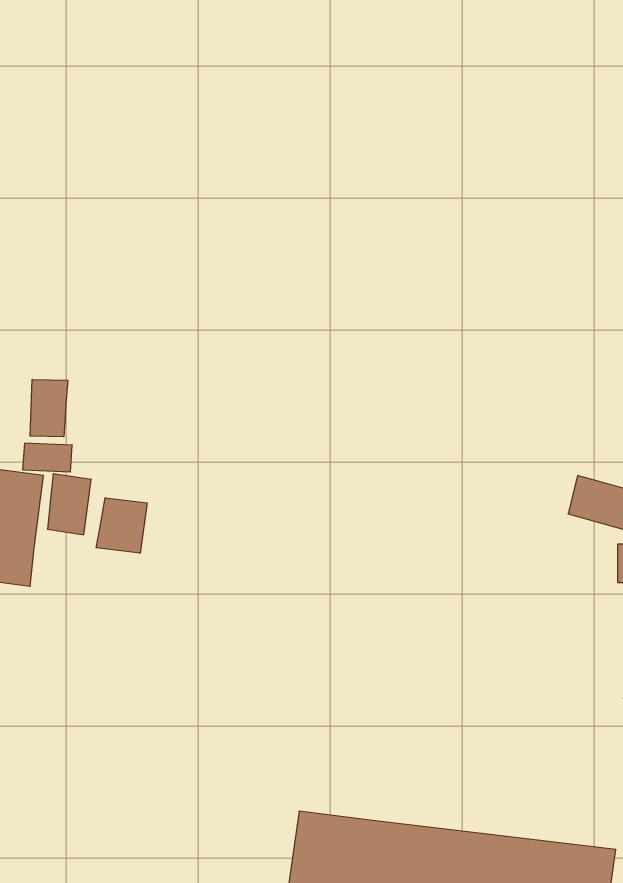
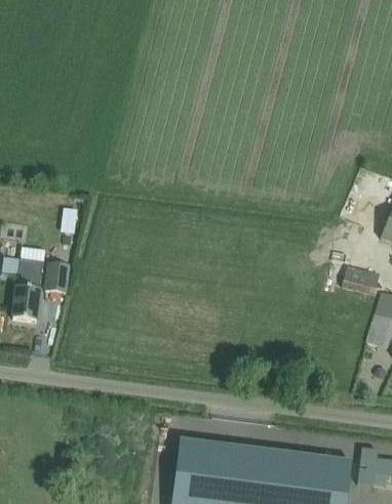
building: [30,379,68,437] -> none
building: [96,498,147,553] -> none

